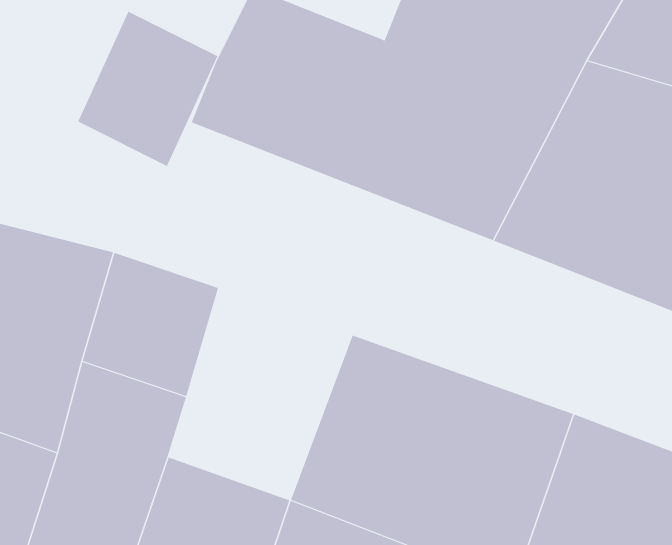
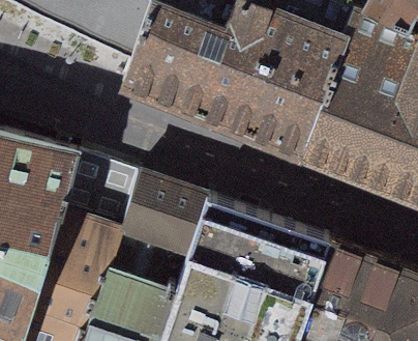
building: [77,11,218,167] -> none
building: none -> [113,178,214,295]

